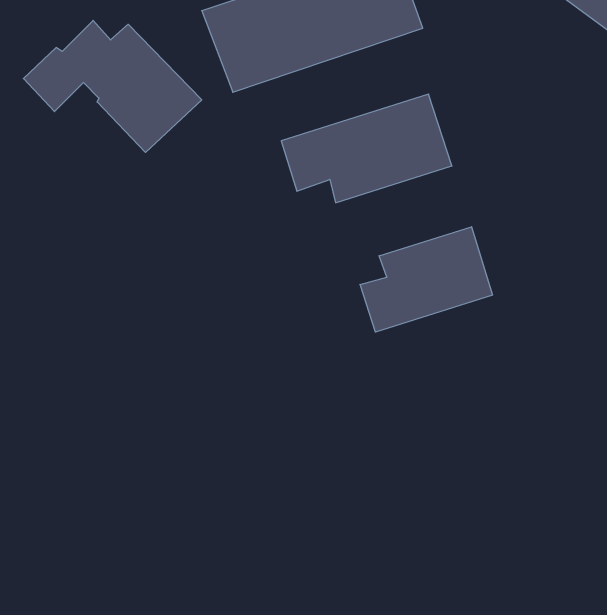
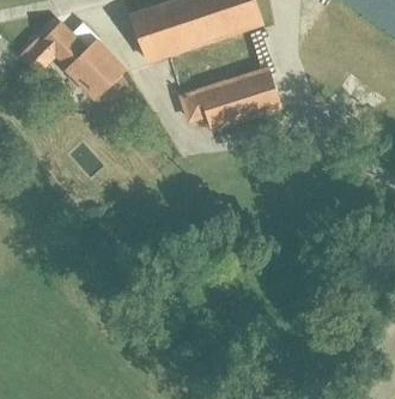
building: [360,227,493,332] -> none

